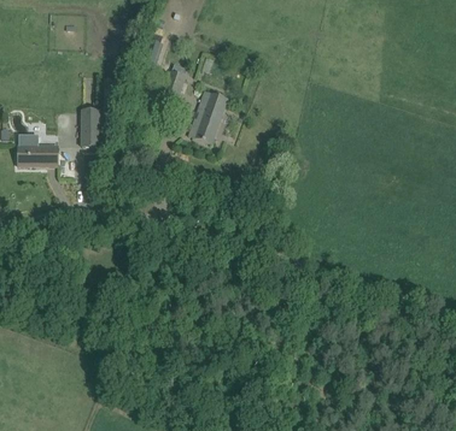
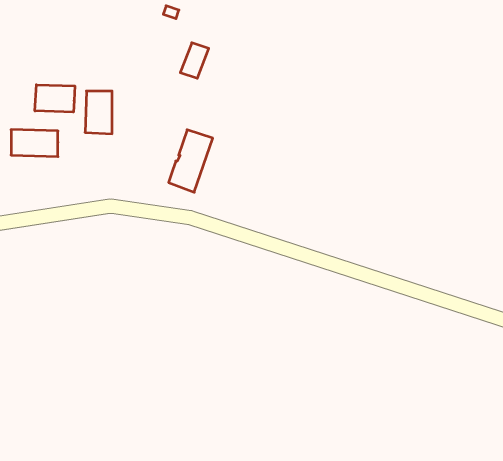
building: [189,89,227,142] -> [169,130,213,192]
building: none -> [35,85,75,112]

